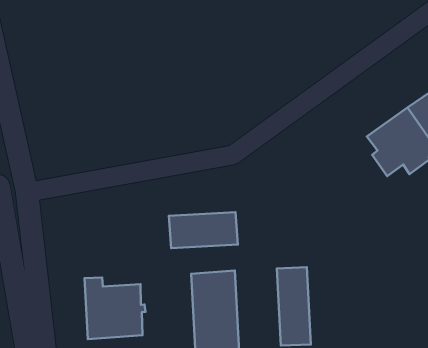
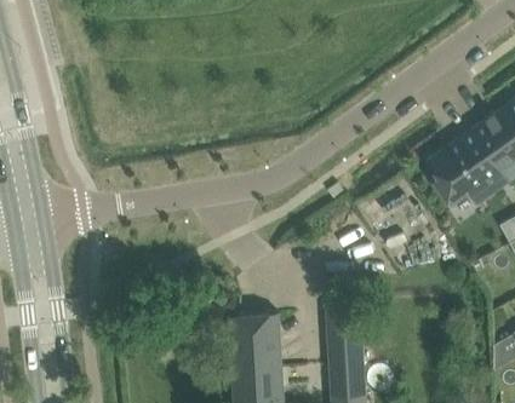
building: [169,212,238,248] -> none
building: [85,277,145,339] -> none

